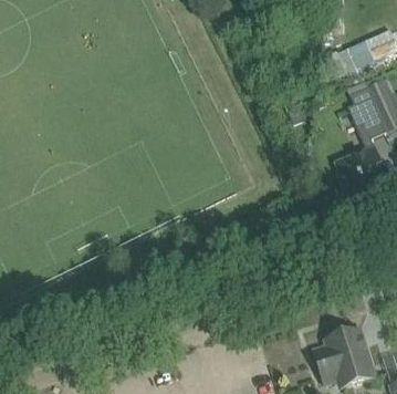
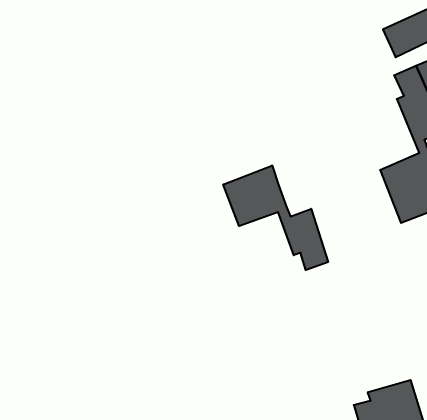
building: none -> [223,165,328,270]

